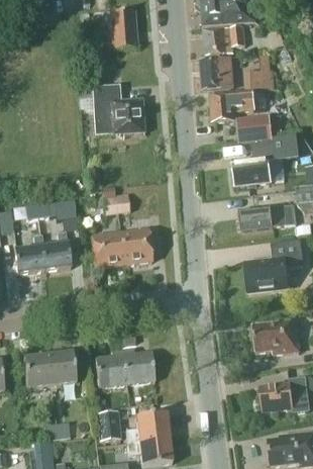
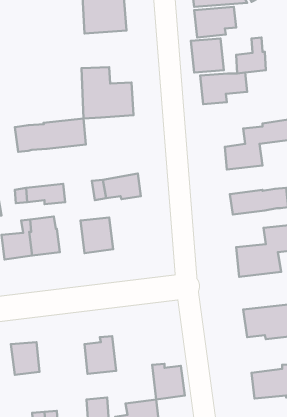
building: [237,113,274,143] -> none
building: none -> [15,118,86,152]
building: [120,229,152,264] -> none
building: [123,349,155,384] -> [152,364,185,399]
building: [48,353,77,385] -> none

